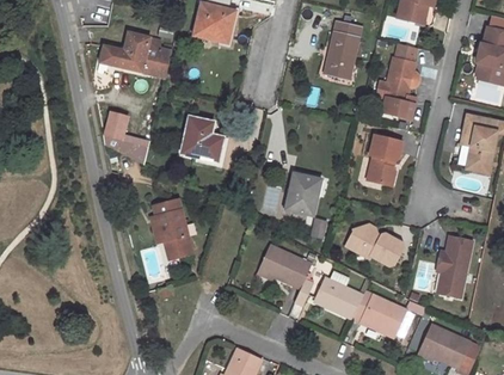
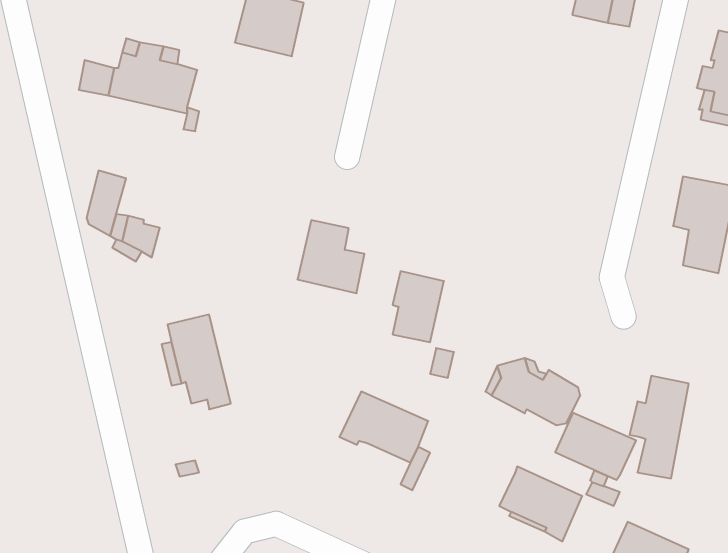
building: [325,20,361,78] -> none
building: [376,43,419,118] -> none
building: [182,116,222,160] -> [297,220,364,293]
building: [368,134,402,182] -> none
building: [314,277,363,318] -> [555,413,636,480]

